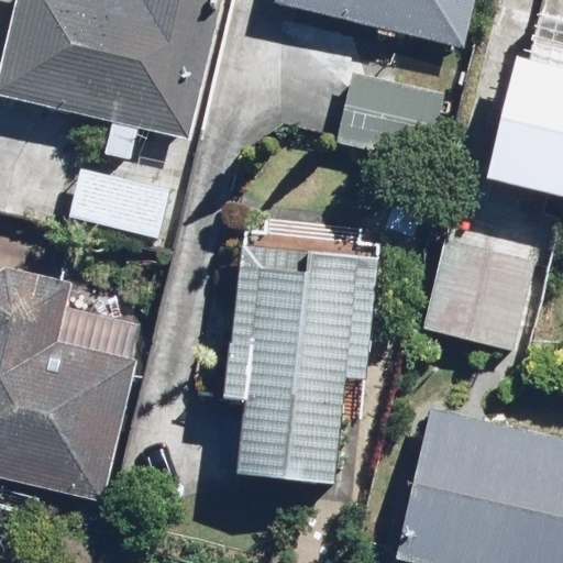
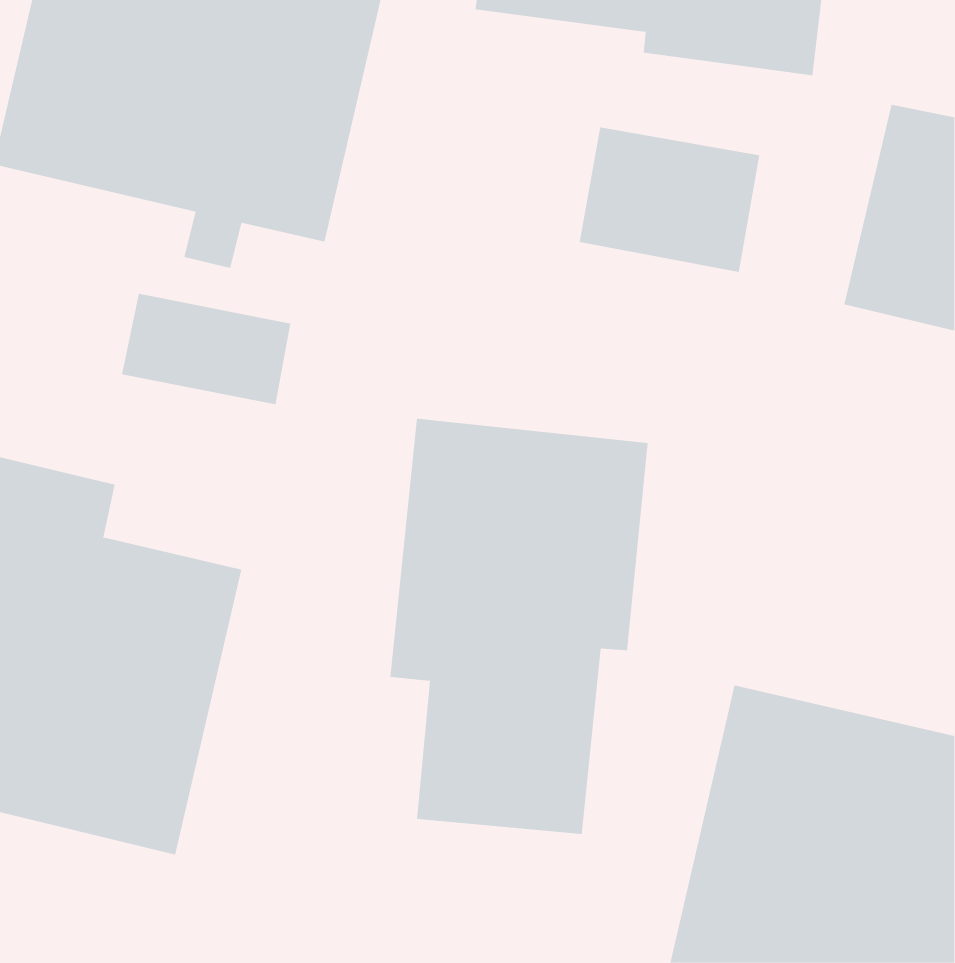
building: [429,244,532,345] -> none

